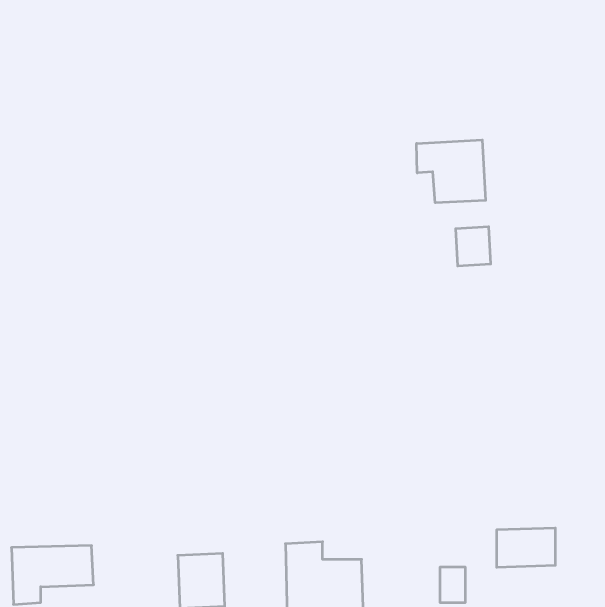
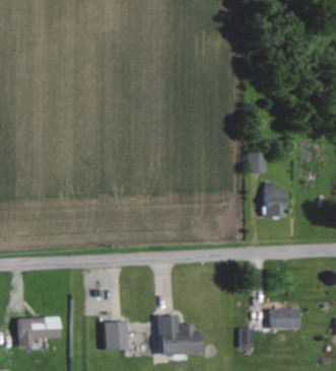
building: [417,140,486,203] -> none
building: none -> [265,182,287,217]

